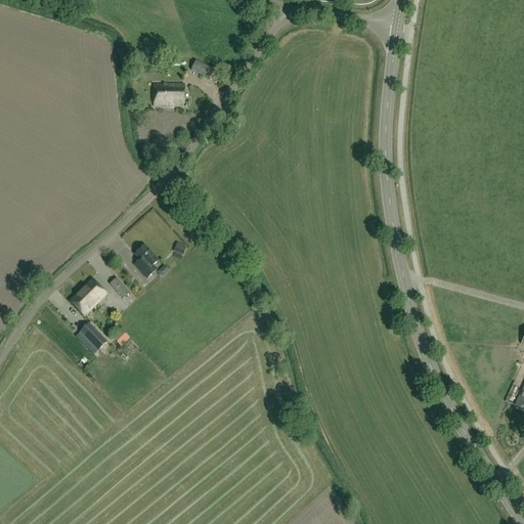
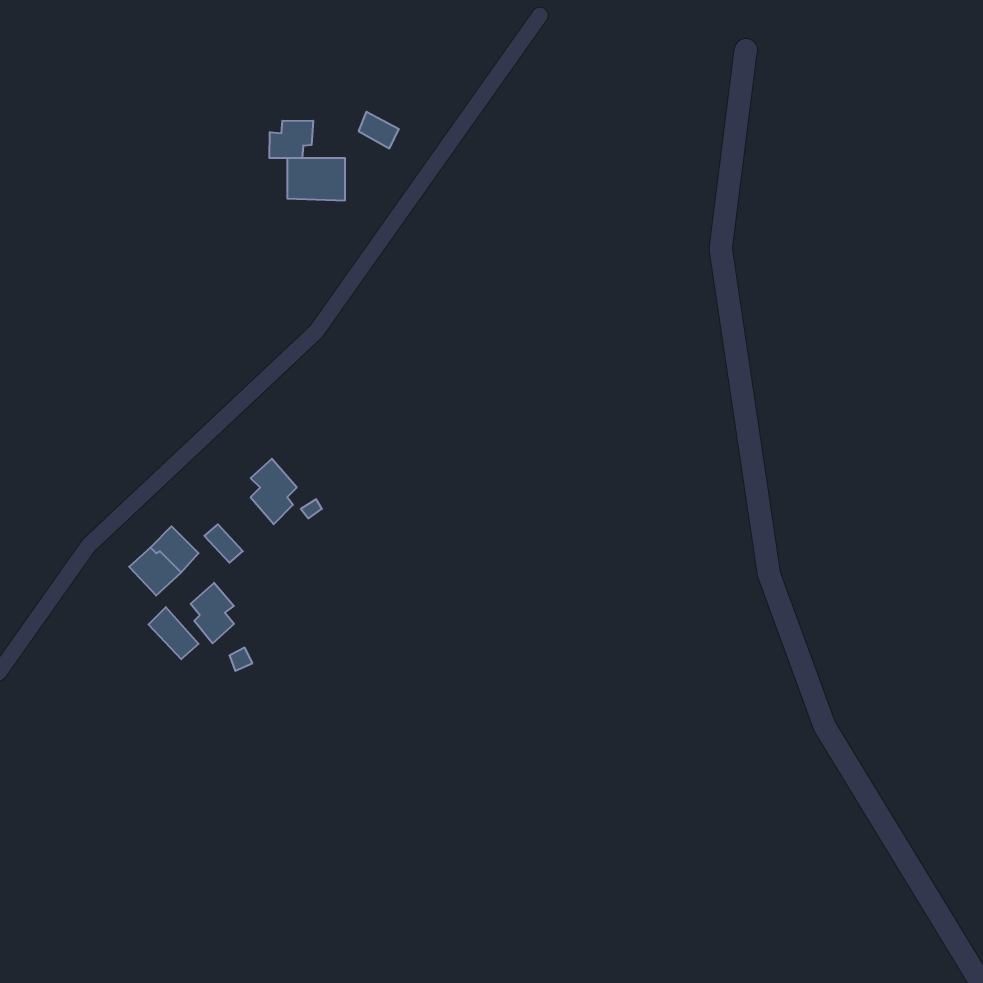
building: none -> [269,121,313,158]
building: none -> [191,583,234,643]

